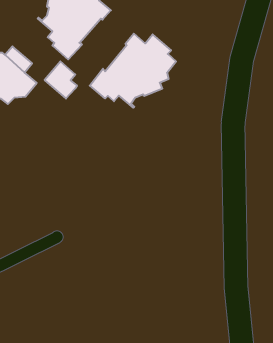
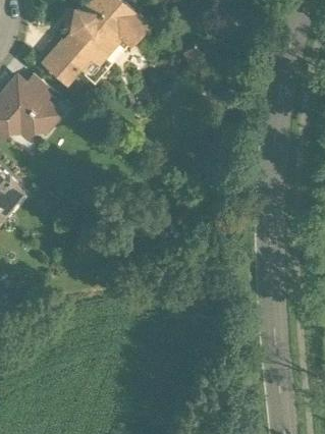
building: [90,34,176,108] -> none
building: [45,61,77,99] -> [42,43,77,84]

